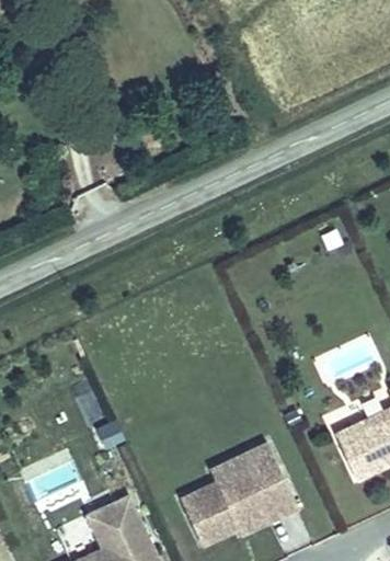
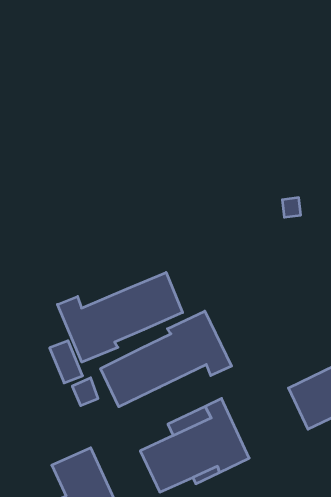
building: none -> [57,272,183,362]
building: none -> [101,311,232,407]

